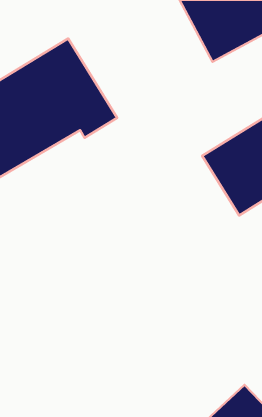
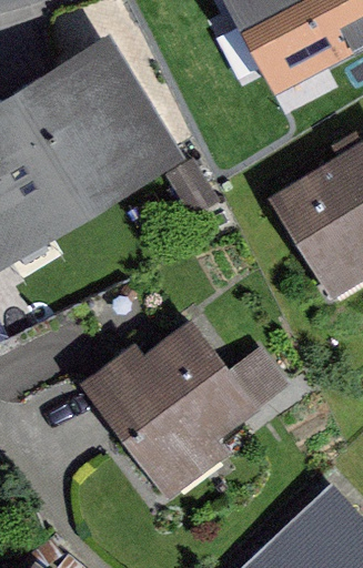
building: none -> [88,325,252,477]

